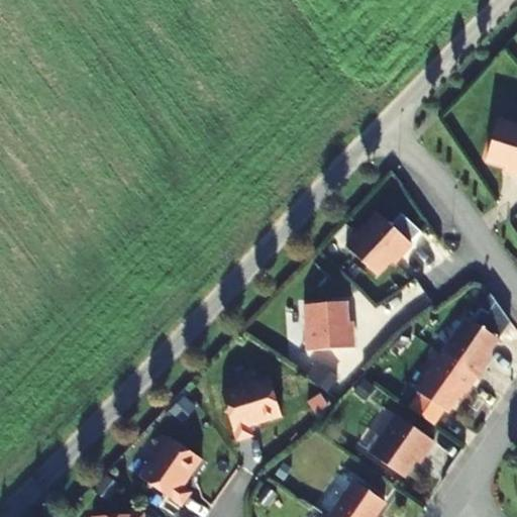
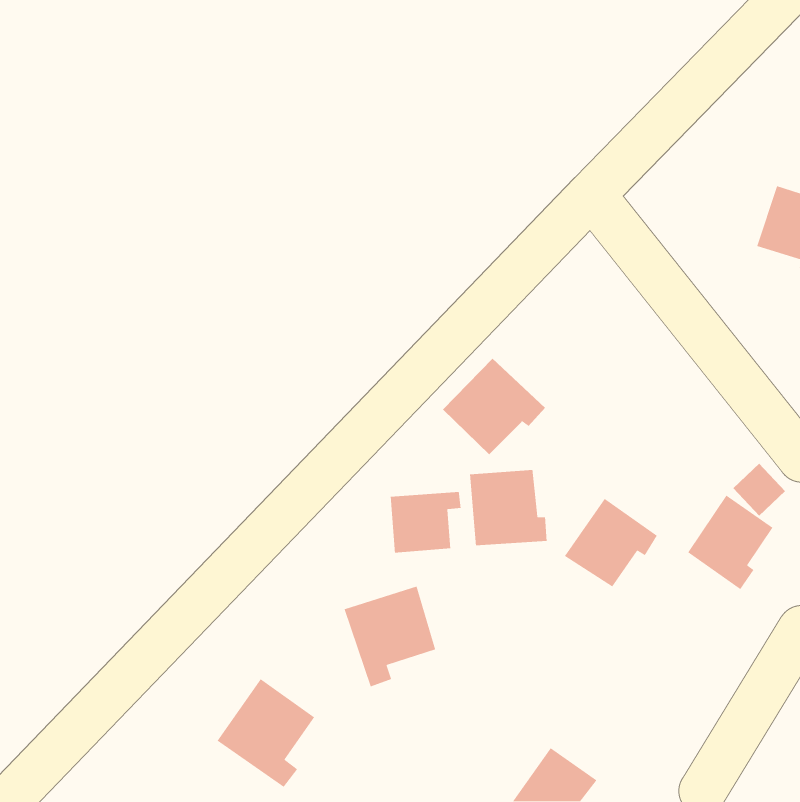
building: [345,212,412,275] -> [442,358,546,455]
building: none -> [390,491,461,553]
building: [417,355,478,413] -> [564,498,658,587]
building: [372,417,435,477] -> none

